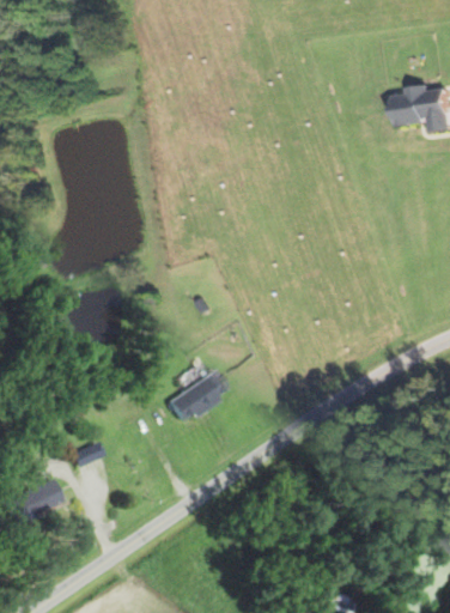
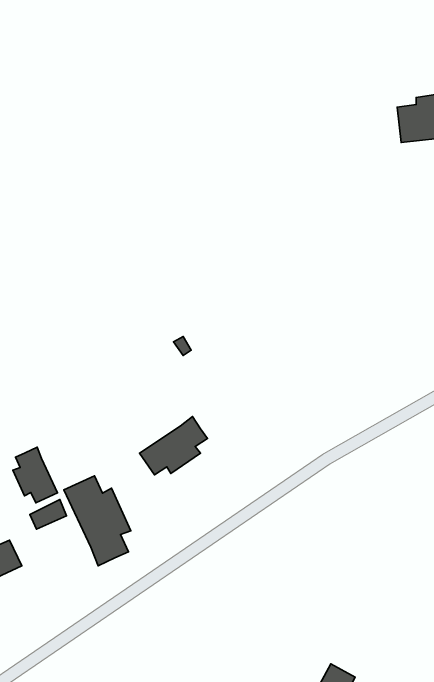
building: none -> [13,447,58,503]
building: none -> [64,476,131,566]

